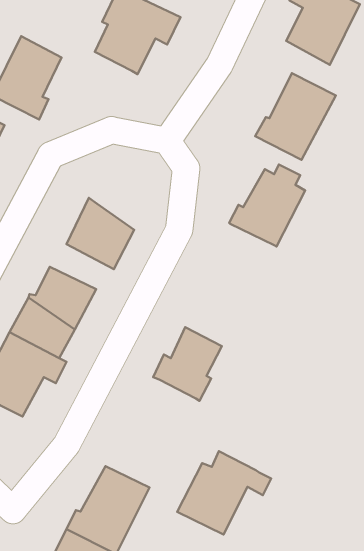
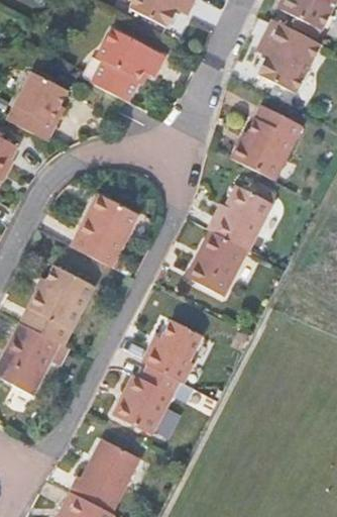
building: none -> [89,197,138,235]
building: none -> [192,230,246,295]
building: [177,451,271,534] -> [113,363,193,433]

